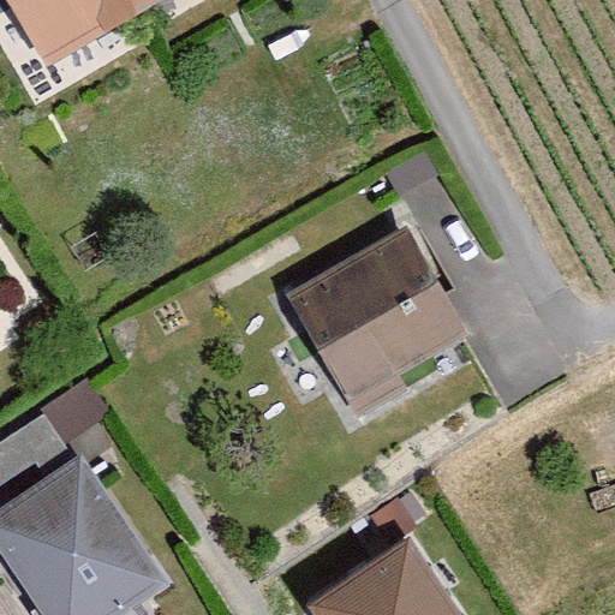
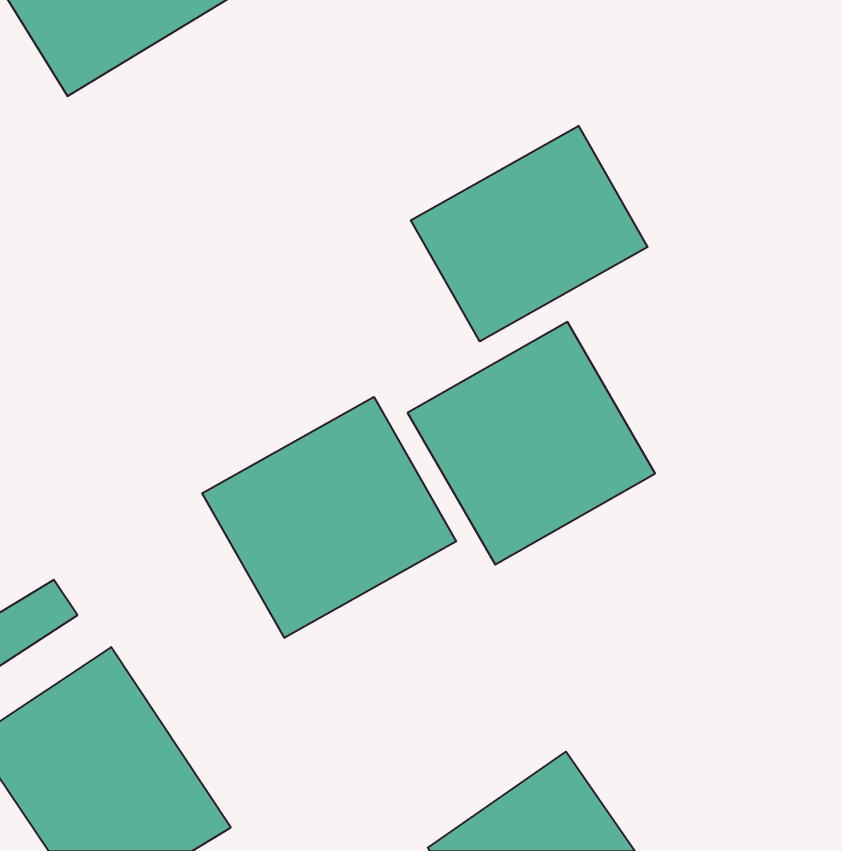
building: none -> [411,126,648,341]
building: none -> [202,397,456,638]

